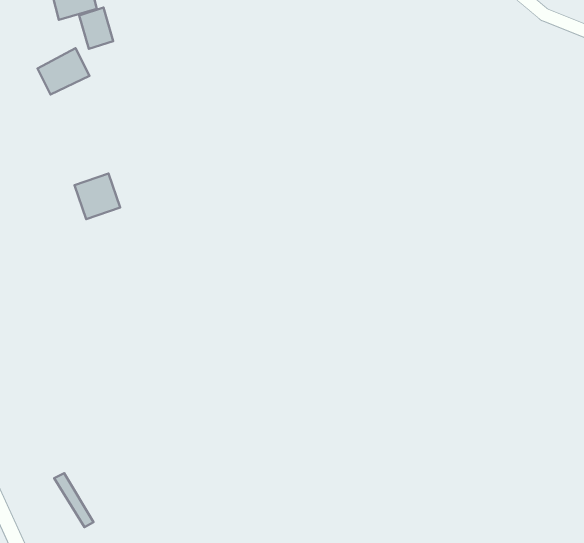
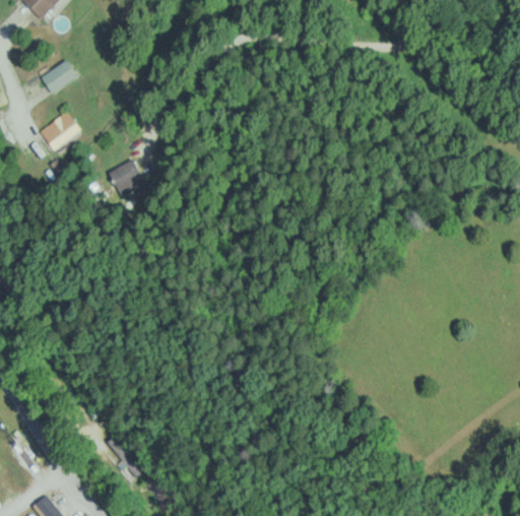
building: [79,8,113,49] -> none
building: [75,174,120,219] -> [107,159,144,197]

